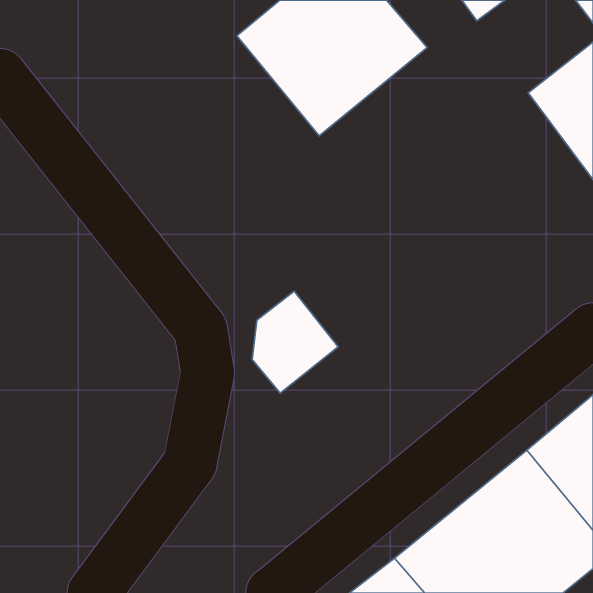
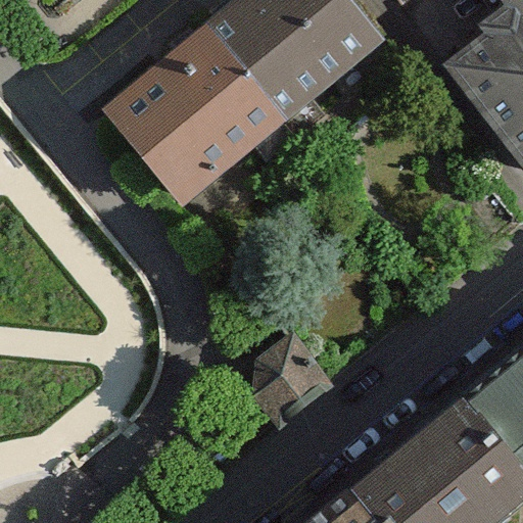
building: none -> [113,32,281,197]
building: [252,291,338,393] -> [256,336,332,426]

